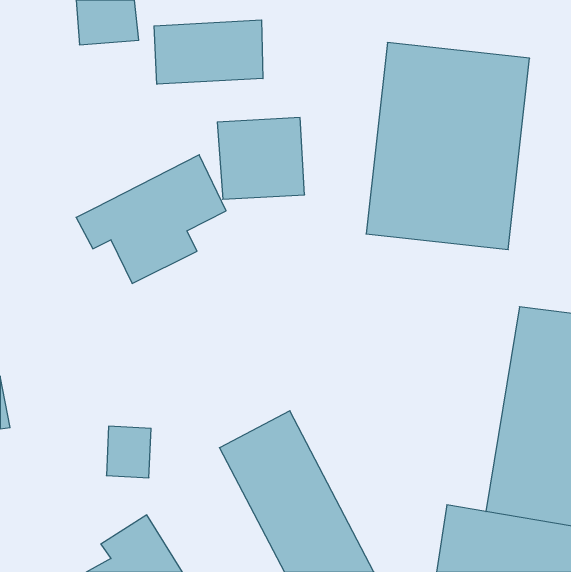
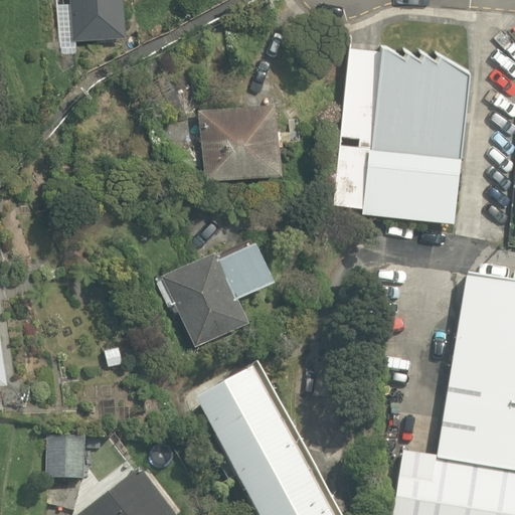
building: [154,20,263,84] -> none
building: [76,155,226,283] -> [143,228,278,344]
building: [106,426,151,478] -> [46,438,87,484]

